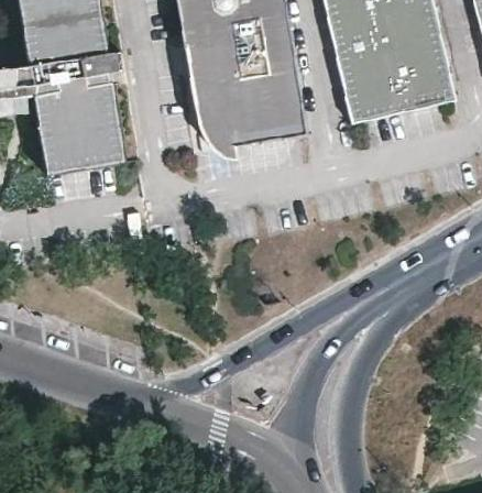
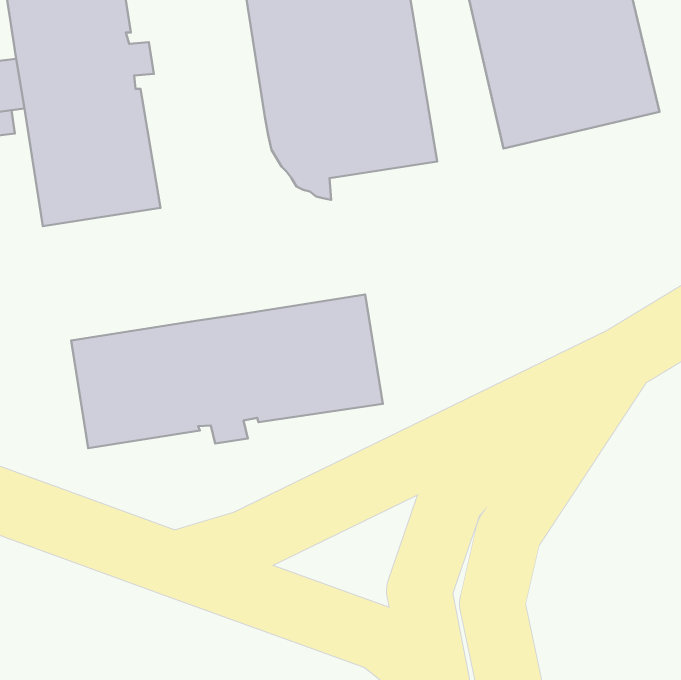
building: none -> [71,294,383,448]

